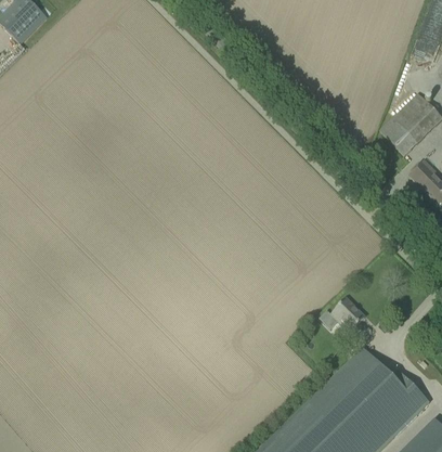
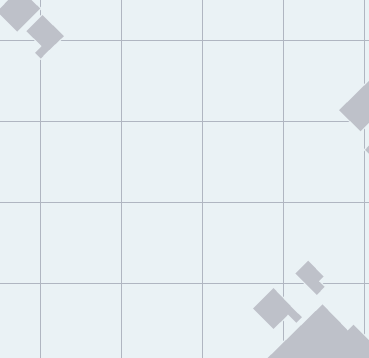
building: none -> [26,14,65,59]
building: none -> [252,287,303,330]

